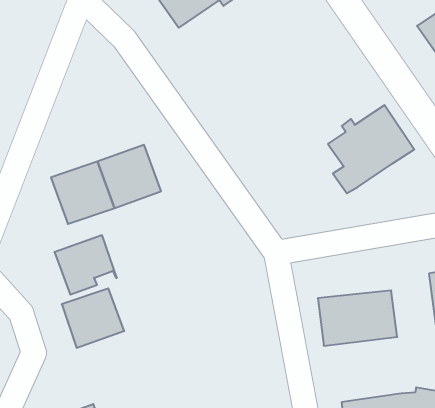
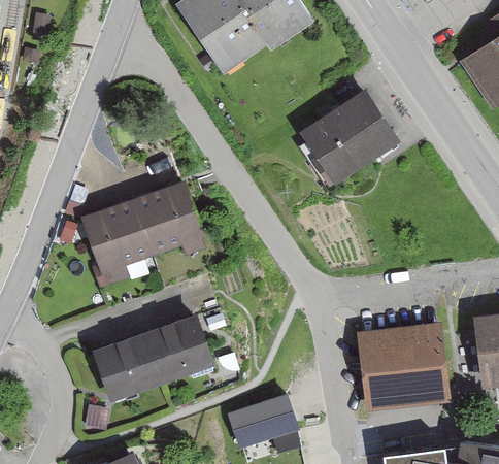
building: [328,105,414,193] -> [303,93,393,185]
building: [54,235,117,295] -> [143,318,208,379]
building: none -> [231,400,301,455]

